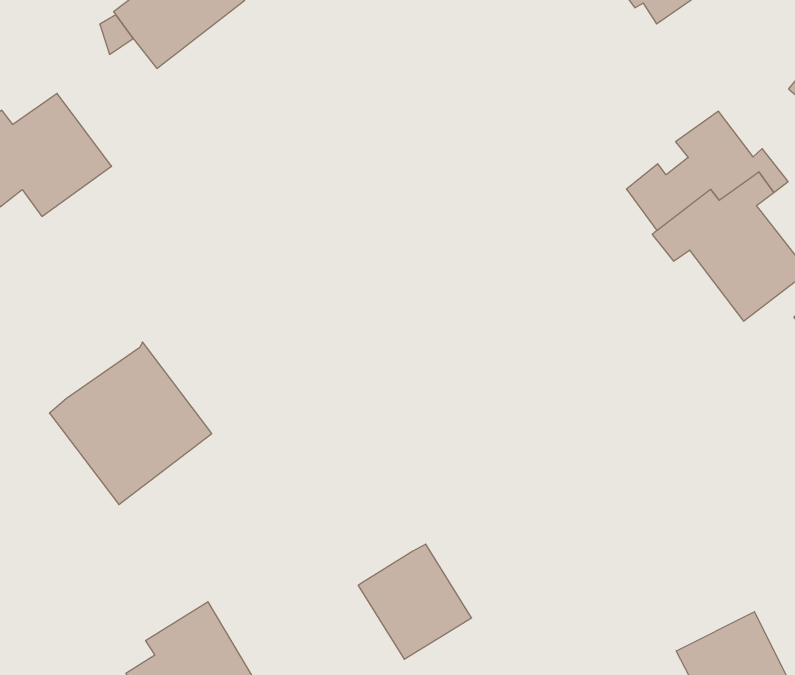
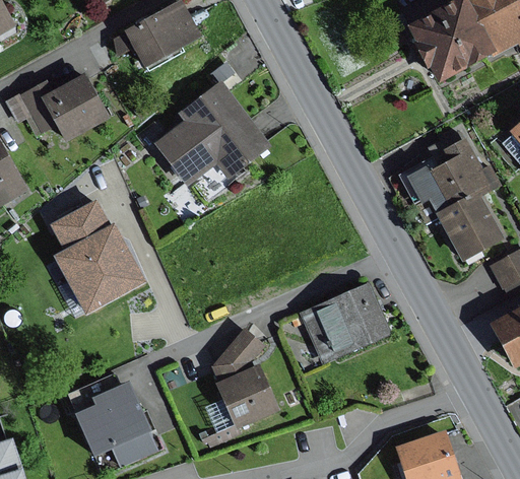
building: none -> [153,80,271,185]
building: none -> [50,200,110,251]
building: none -> [301,282,392,363]
building: none -> [211,328,266,383]

